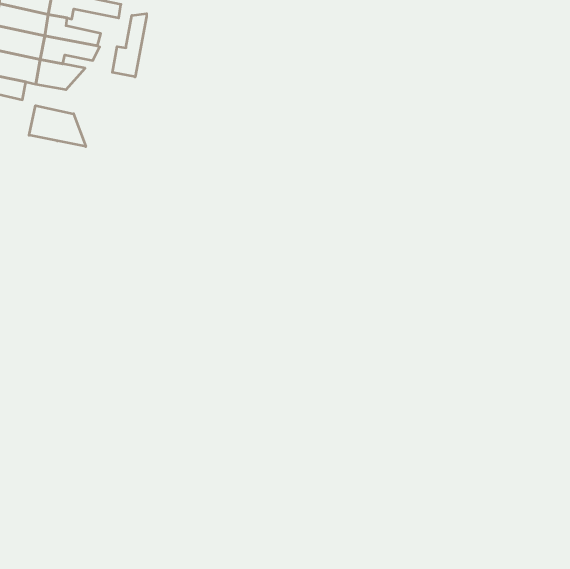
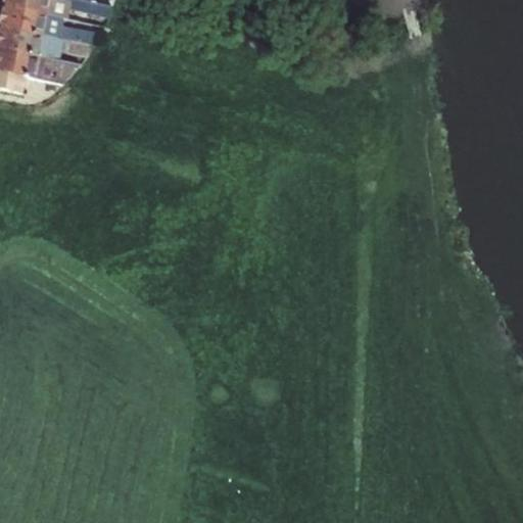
building: [112,14,147,77] -> none
building: [29,106,86,147] -> none

